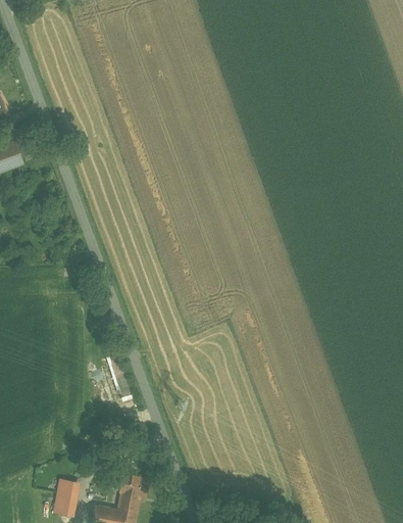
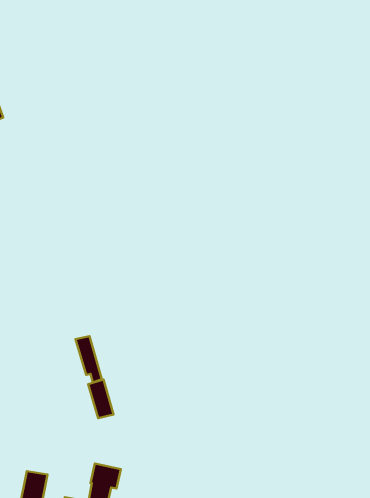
building: none -> [88,380,113,418]

